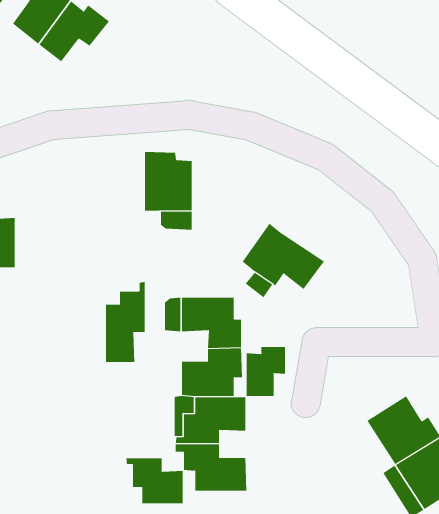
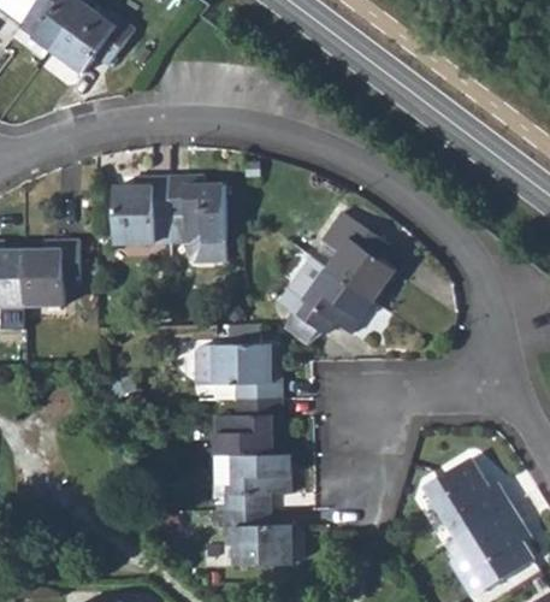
building: none -> [116,176,171,244]
building: none -> [318,205,398,302]
building: none -> [23,243,76,309]
building: [105,281,145,363] -> none
building: [246,346,285,397] -> none
building: [126,458,183,504] -> none

